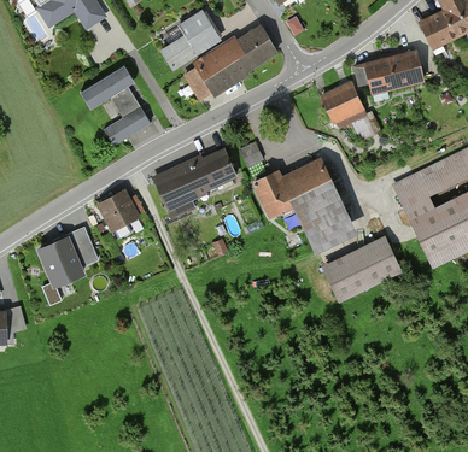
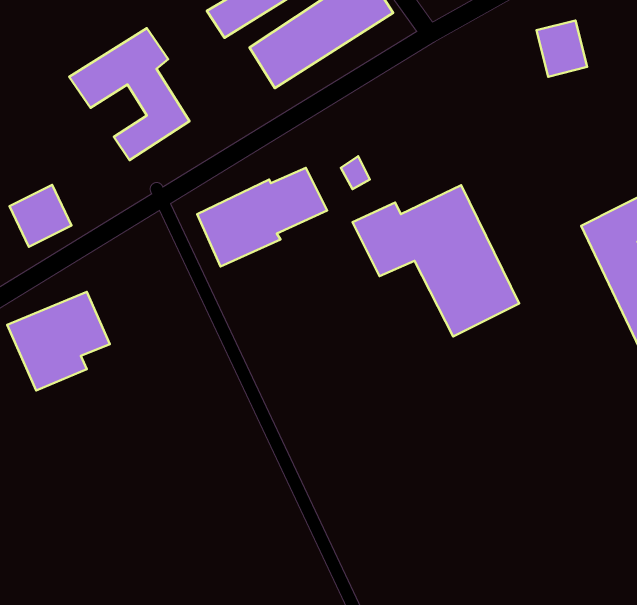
building: [390,52,421,87] -> none
building: [322,82,363,122] -> none
building: [99,189,138,228] -> [9,185,72,247]
building: [323,239,398,299] -> none

